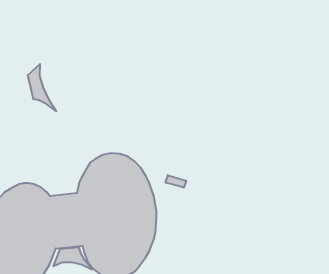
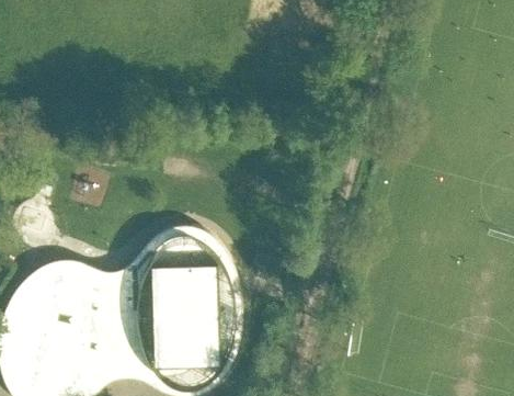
building: [28,64,56,111] -> none

